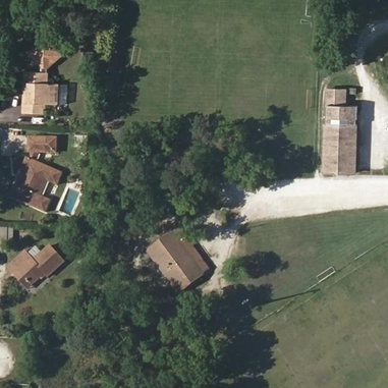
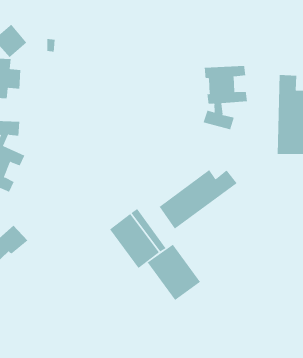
building: none -> [203,65,248,130]
building: none -> [159,169,238,229]
building: none -> [147,244,201,301]

